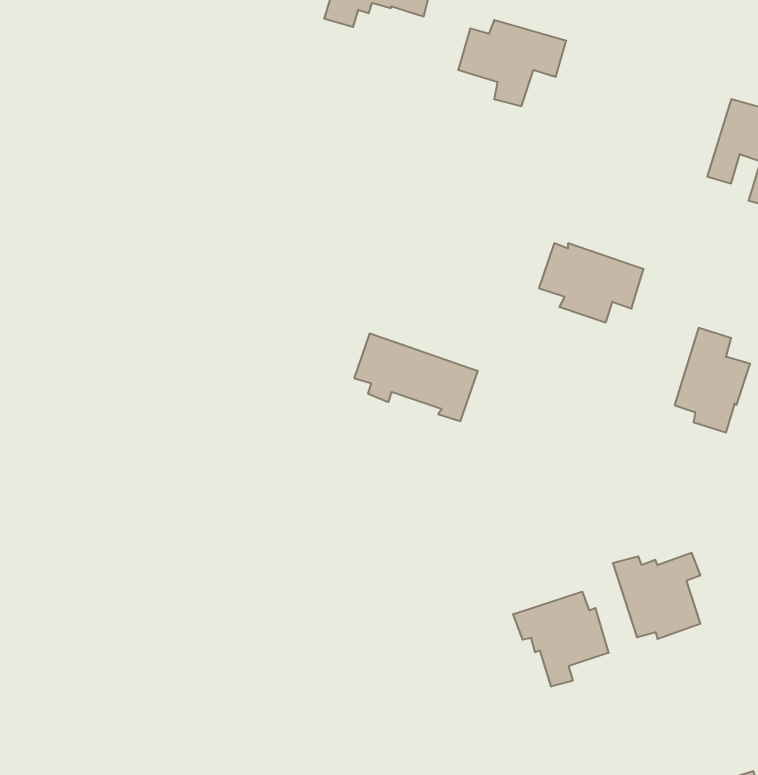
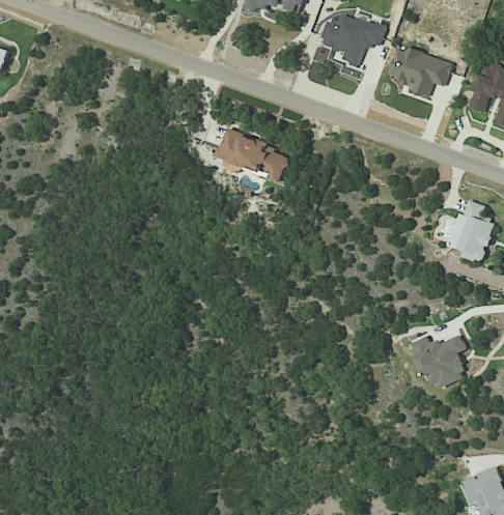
building: [539,243,644,322] -> [387,47,450,94]
building: [354,333,478,421] -> [215,130,289,182]
building: [513,592,609,687] -> none

